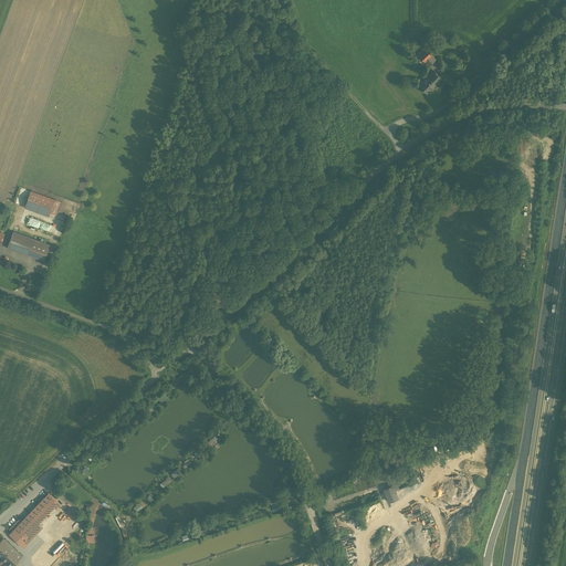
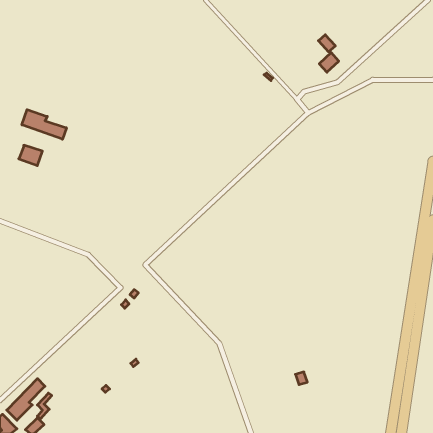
building: none -> [22,110,66,139]
building: [8,231,50,261] -> none

